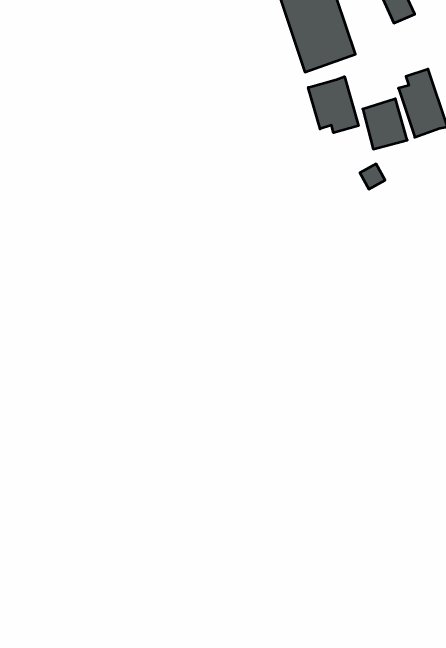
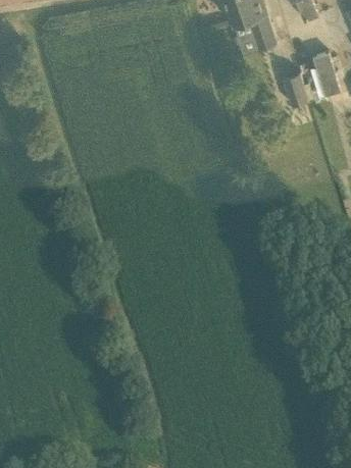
building: [308,77,358,133] -> none

